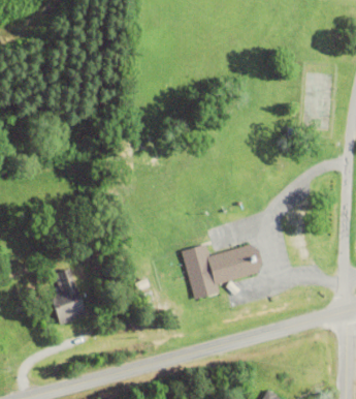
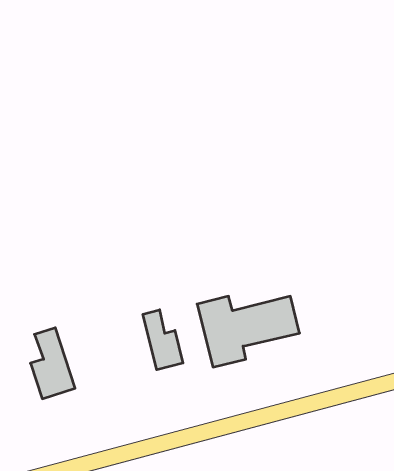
building: none -> [143,310,183,370]

